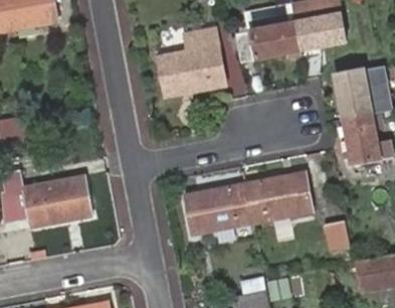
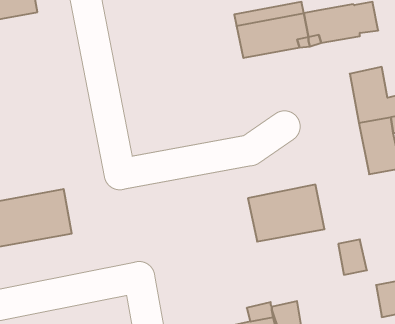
building: [157,26,224,94] -> none
building: [185,184,252,234] -> none

